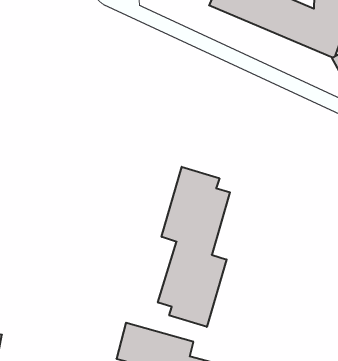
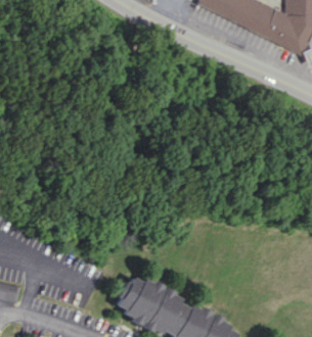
building: [158,167,230,327] -> none

